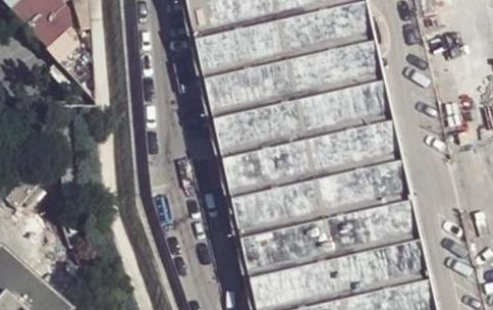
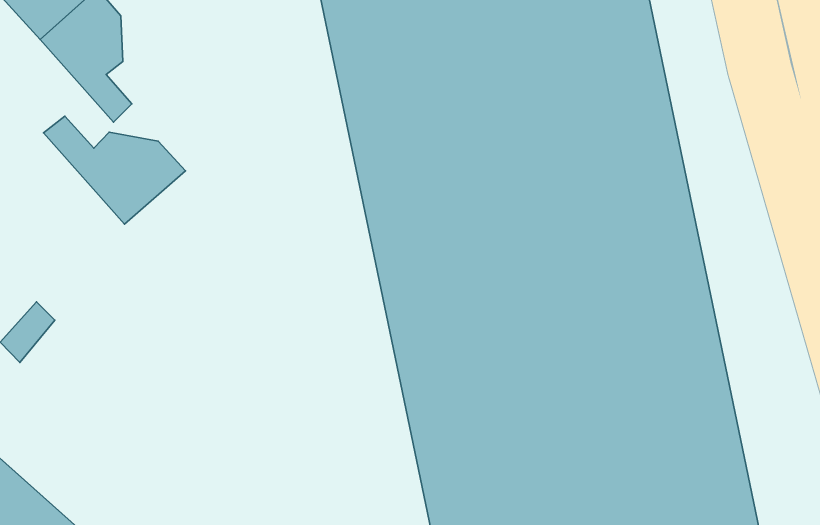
building: none -> [43,116,185,224]

